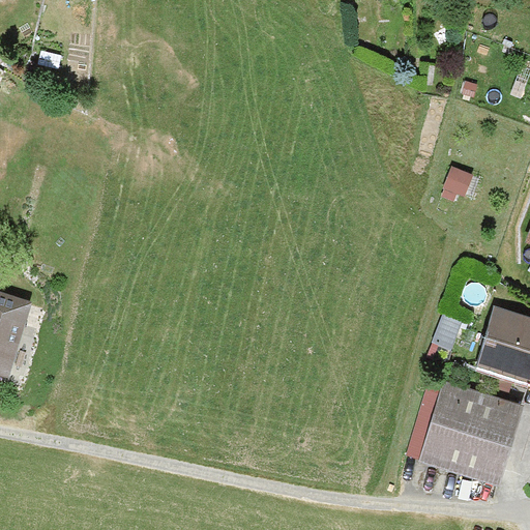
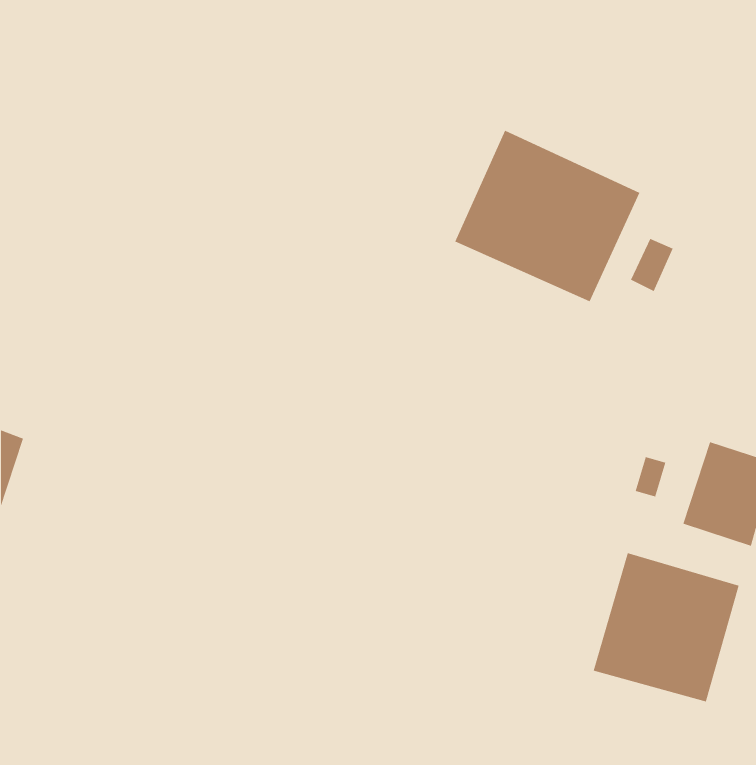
building: none -> [455,130,640,302]

